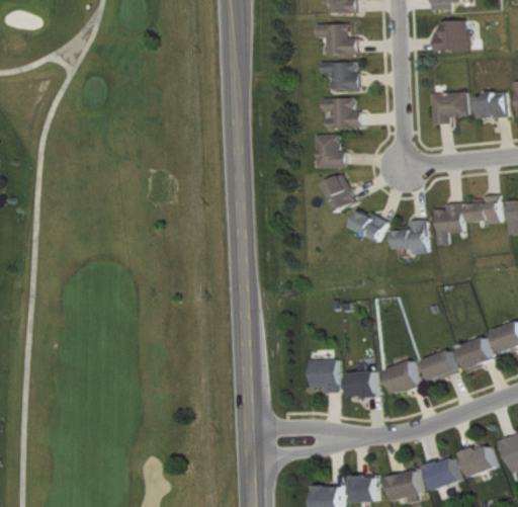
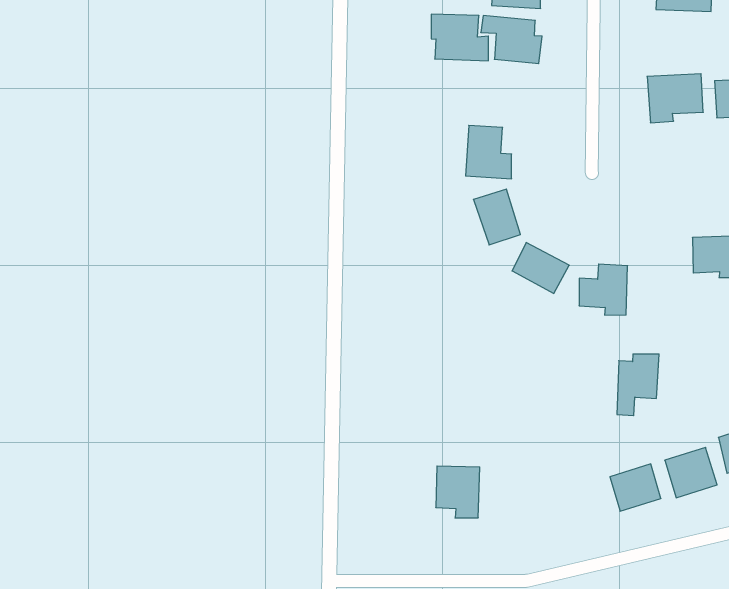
building: [320,97,359,128] -> [431,14,488,61]
building: [434,202,460,244] -> [617,354,659,416]
building: [383,359,419,395] -> none
building: [345,369,376,399] -> none

